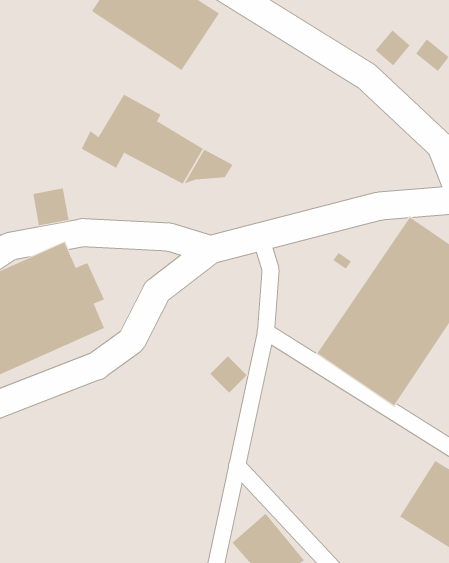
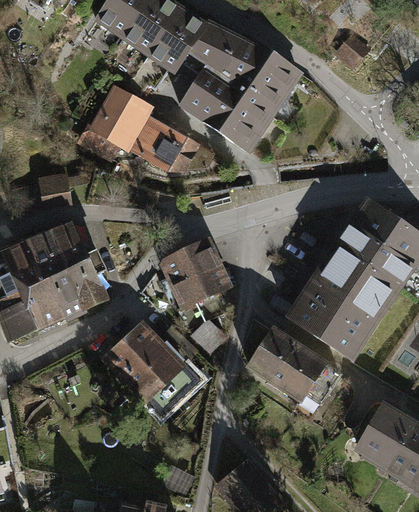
building: none -> [175,20,296,149]
building: none -> [160,239,231,326]
building: none -> [108,325,202,415]
building: none -> [251,328,341,402]

